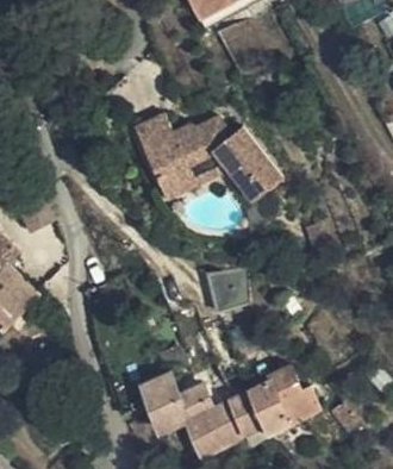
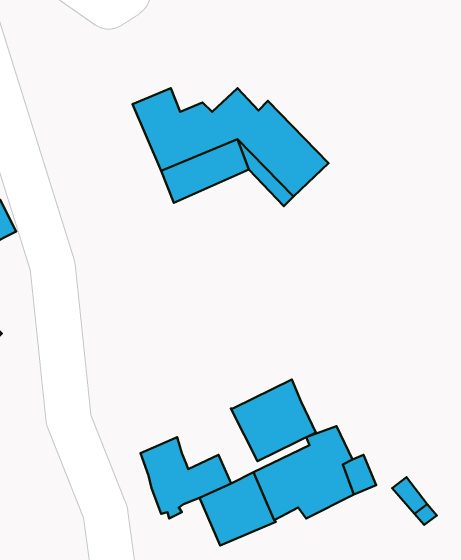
building: [207,271,248,312] -> none
building: none -> [231,379,316,461]

